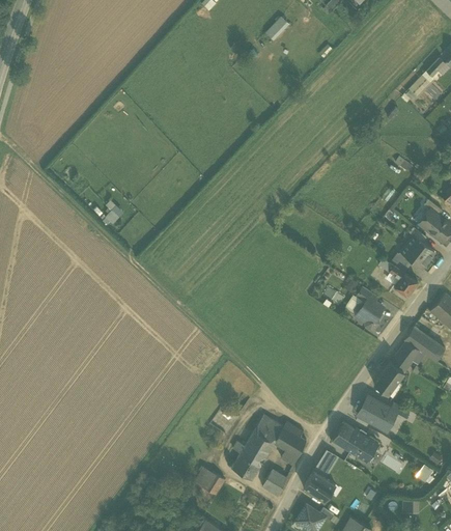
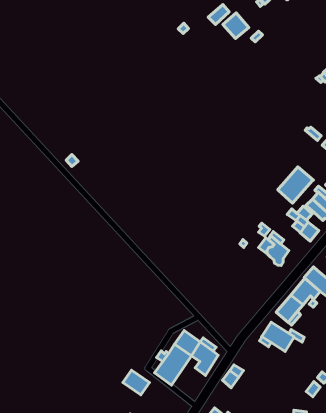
building: none -> [223,13,249,38]
building: none -> [278,167,313,203]
building: [332,422,378,463] -> none
building: [261,469,287,497] -> none
building: [303,471,335,502] -> none

